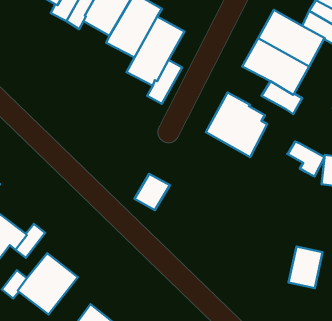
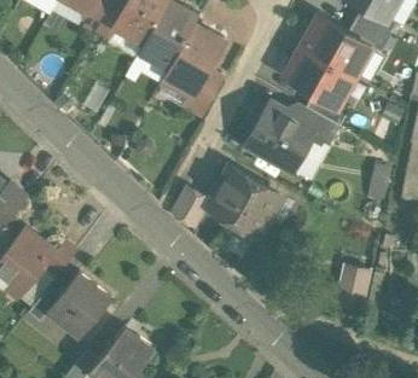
building: [287,141,325,176] -> [292,104,332,141]
building: none -> [210,170,279,234]

